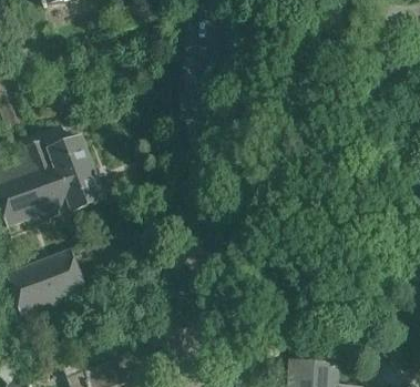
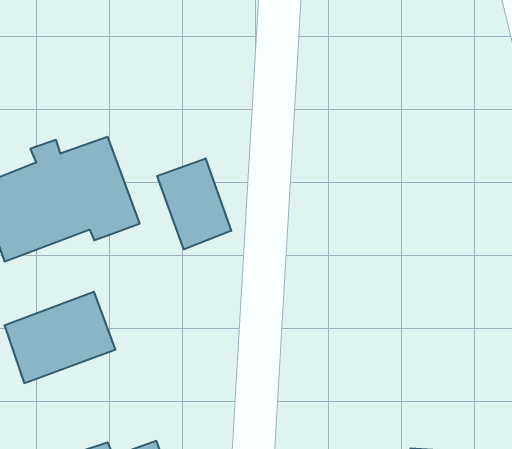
building: none -> [157,158,231,249]

